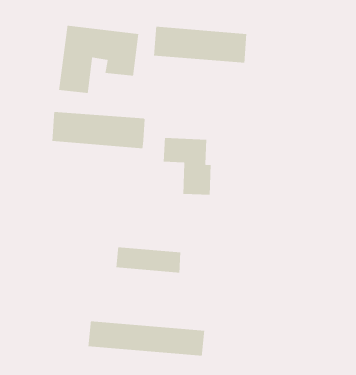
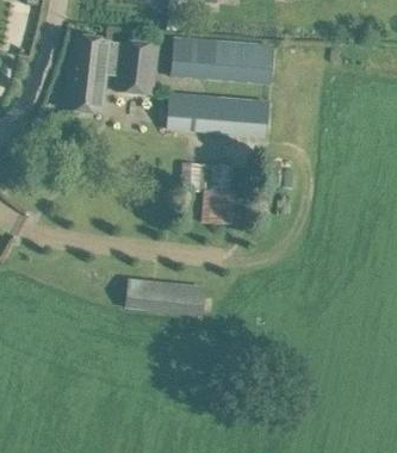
building: [51,111,145,149] -> [166,93,269,135]
building: [88,321,205,356] -> none

